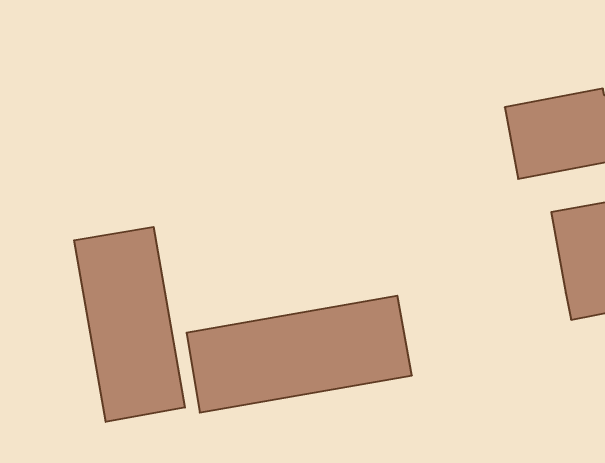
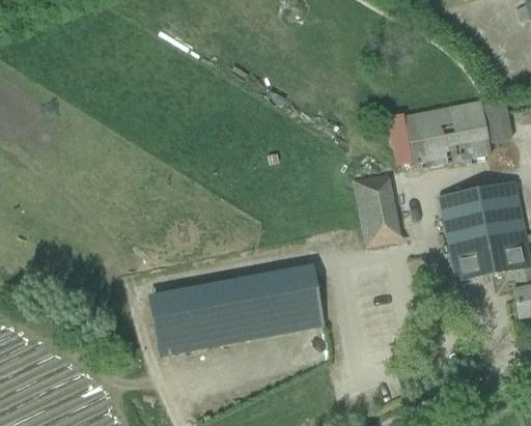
building: none -> [353,175,400,246]
building: [74,227,185,422] -> none

